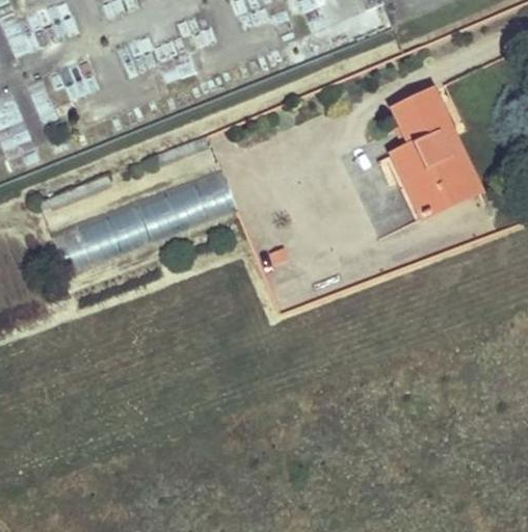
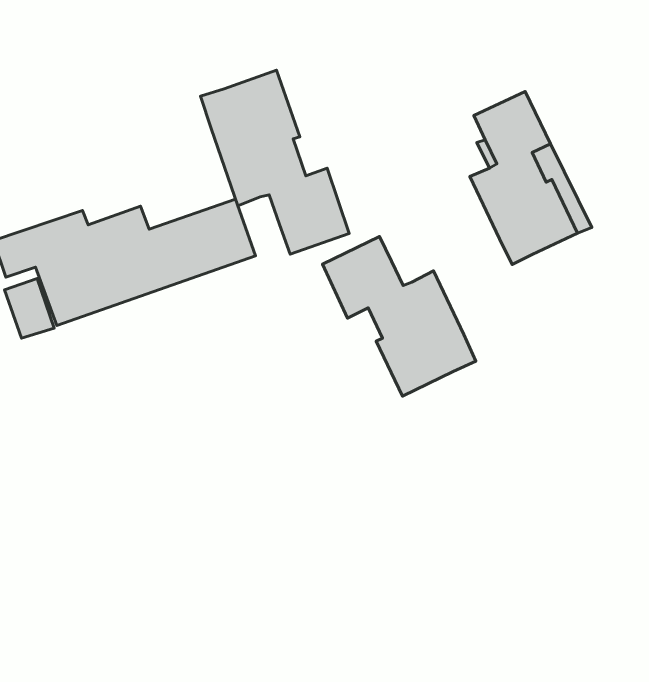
building: none -> [201,70,349,254]
building: none -> [322,237,476,396]

